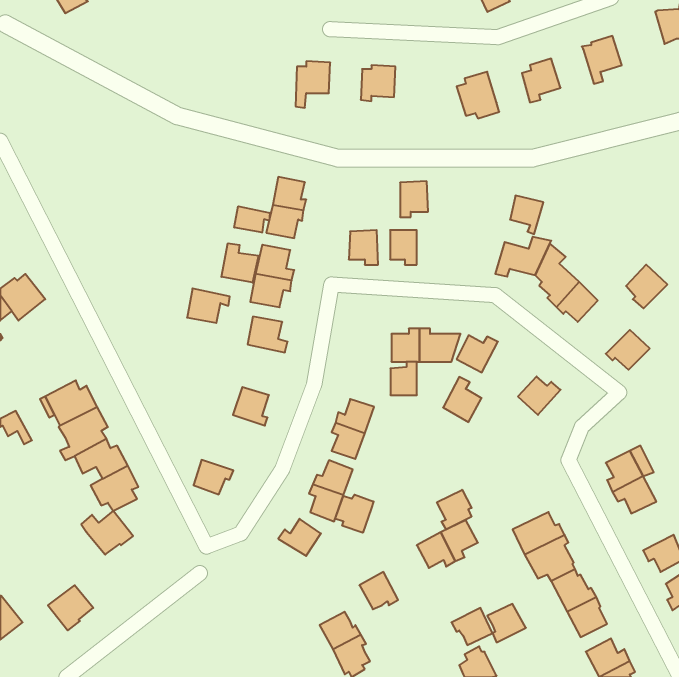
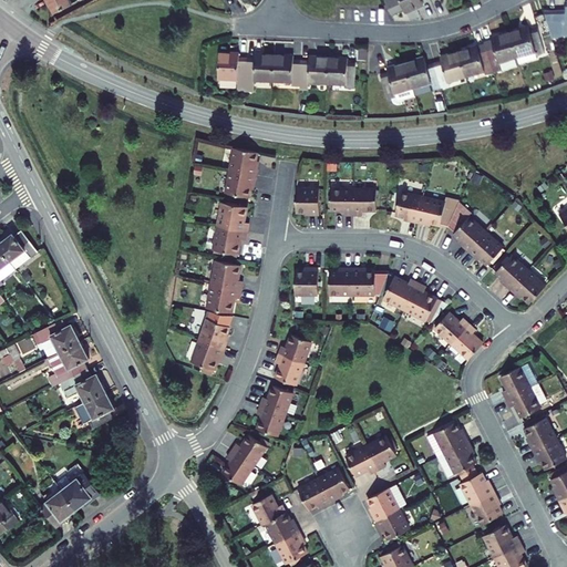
building: none -> [511,24,546,61]
building: none -> [460,41,495,73]
building: none -> [219,50,248,89]
building: none -> [275,52,302,83]
building: none -> [406,54,442,87]
building: none -> [329,55,358,86]
building: [400,181,428,217] -> [348,190,371,220]
building: [510,196,543,234] -> [393,196,421,228]
building: [234,206,270,233] -> none
building: [221,243,258,283] -> none
building: [626,265,667,308] -> [491,258,525,295]
building: [187,288,230,323] -> [203,287,238,316]
building: [390,362,417,395] -> [292,274,315,301]
building: [443,377,482,422] -> [402,285,434,322]
building: none -> [449,324,482,360]
building: [193,460,233,494] -> [188,346,221,374]
building: [437,490,472,529] -> none
building: [335,495,374,533] -> none
building: [81,511,133,555] -> [59,470,102,506]
building: none -> [532,427,561,458]
building: none -> [225,449,256,482]
building: none -> [320,465,352,499]
building: none -> [254,492,288,522]
building: [487,604,526,642] -> [369,486,401,518]

